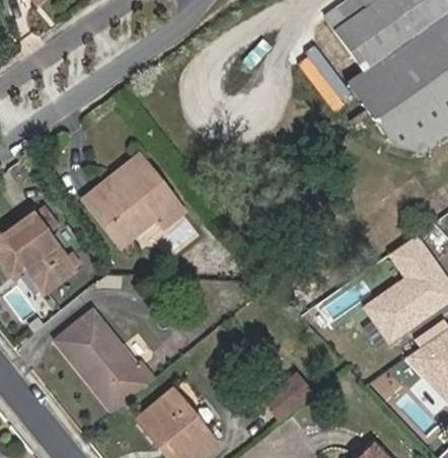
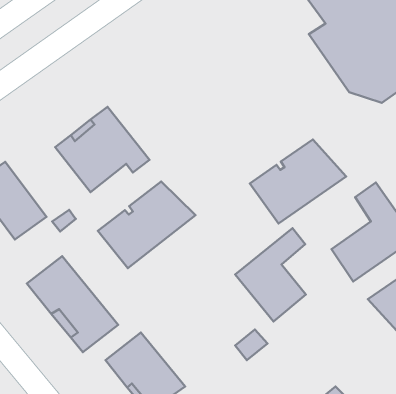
building: none -> [250,140,346,224]
building: none -> [98,182,196,268]
building: none -> [235,228,306,322]

